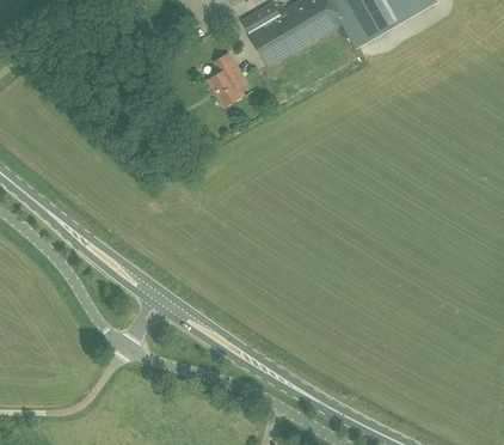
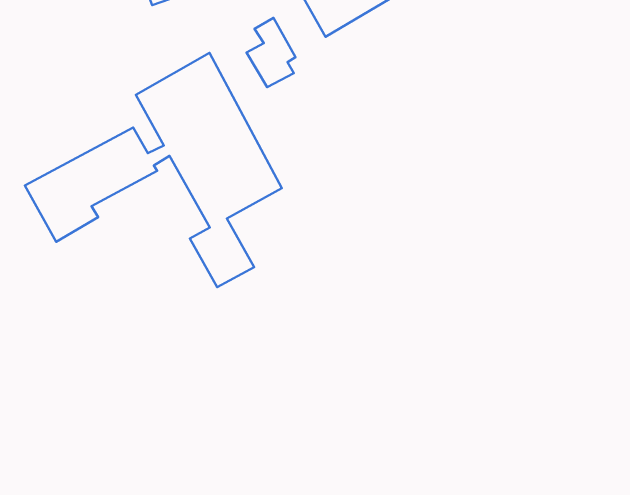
building: none -> [25,53,282,287]

